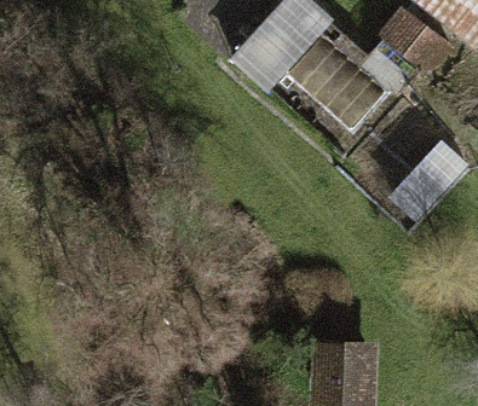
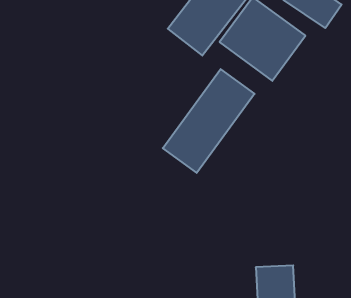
building: none -> [163,69,255,173]

